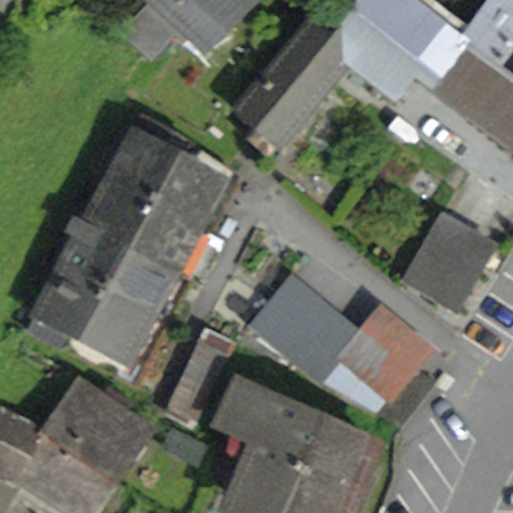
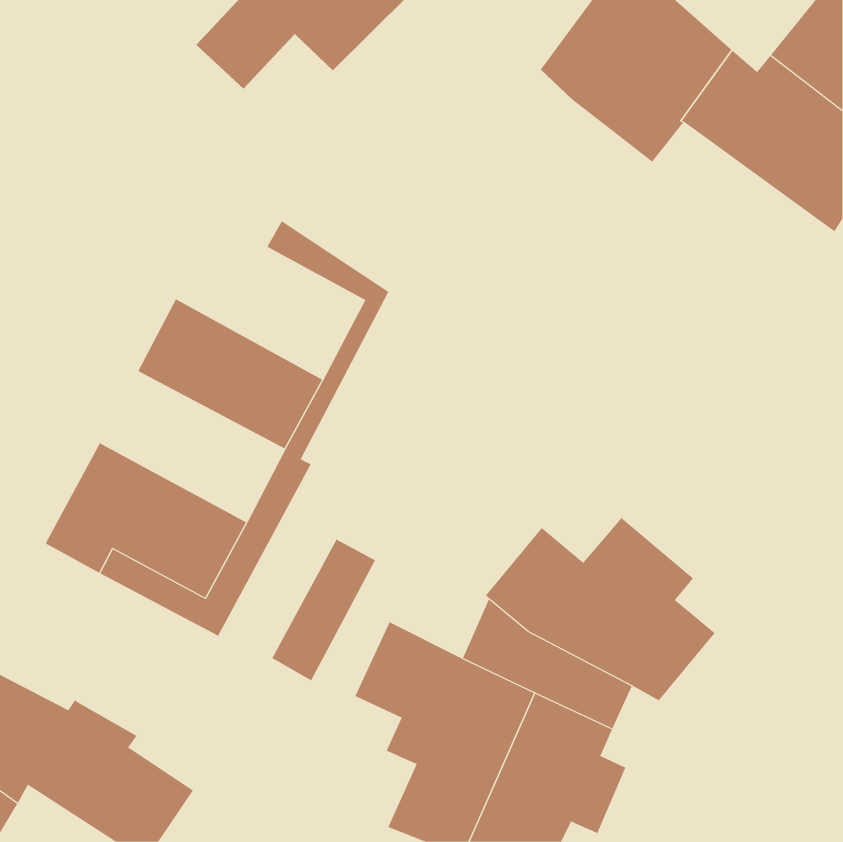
building: [236,25,346,155] -> none
building: [106,116,220,229] -> none
building: [401,214,494,312] -> none
building: [60,219,172,316] -> none
building: [246,274,360,362] -> none
building: [48,382,148,478] -> none

